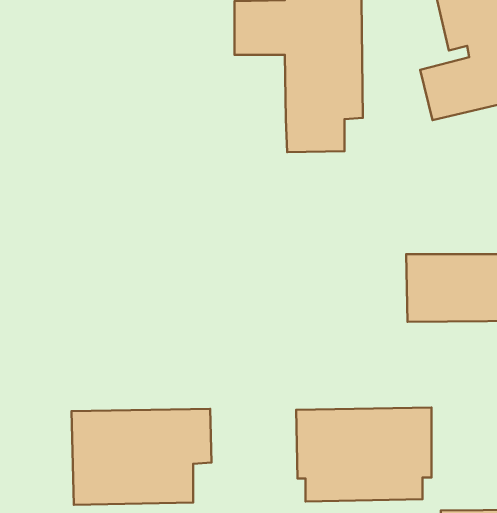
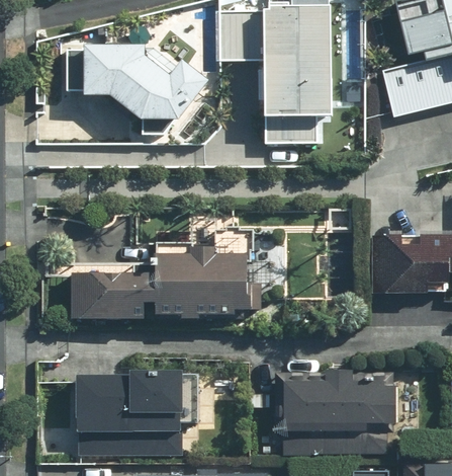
building: none -> [84,45,208,120]
building: none -> [71,245,260,318]

